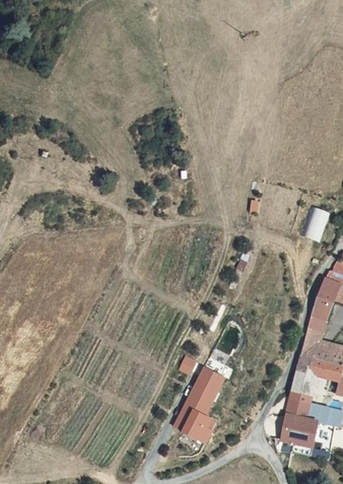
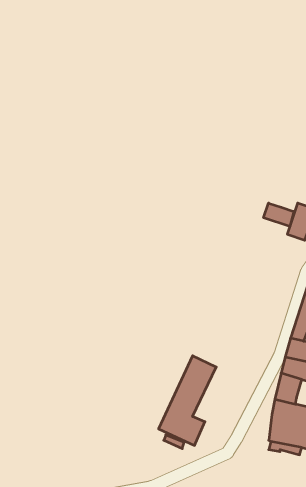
building: none -> [264,203,294,226]

